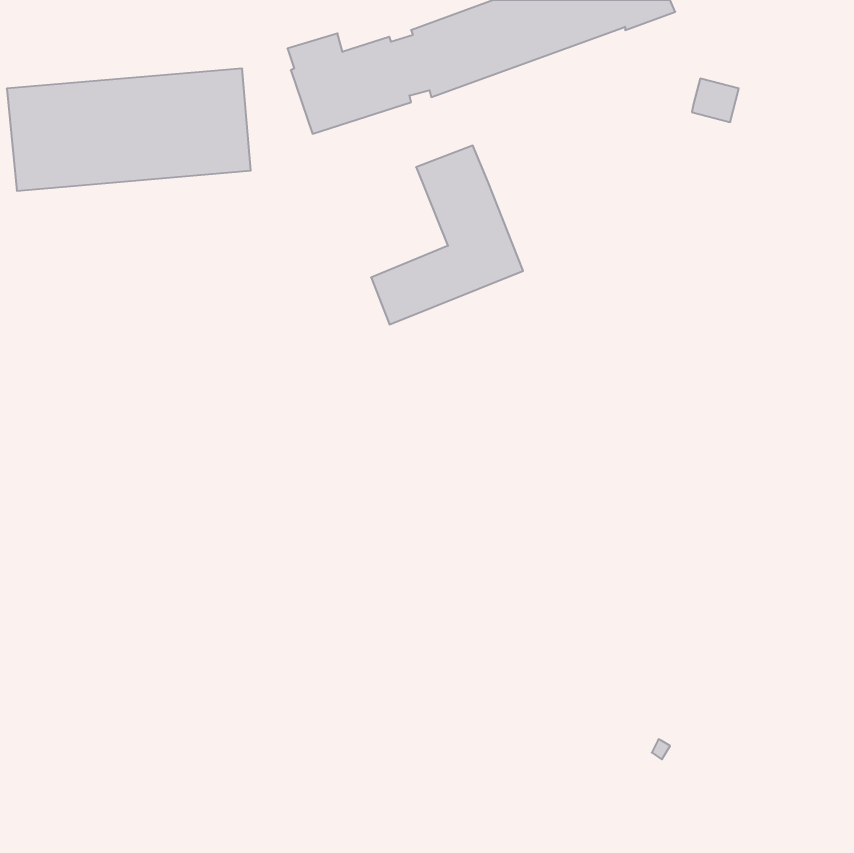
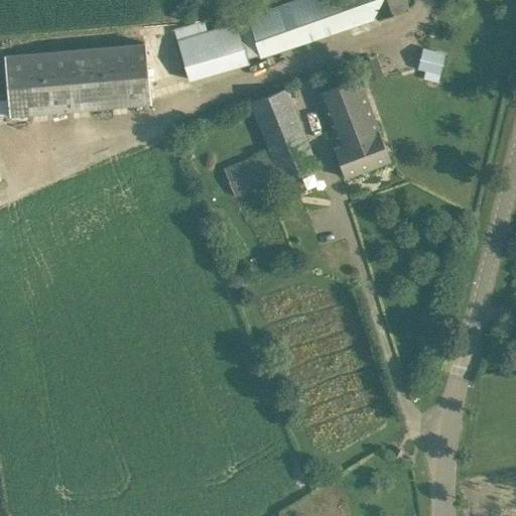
building: none -> [317,80,390,177]

